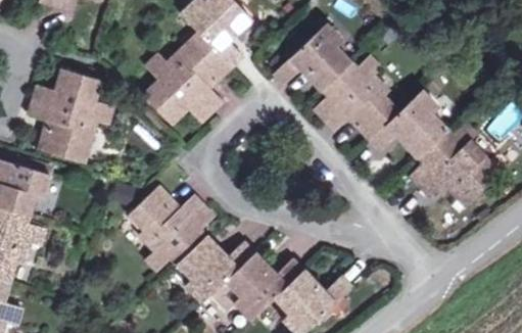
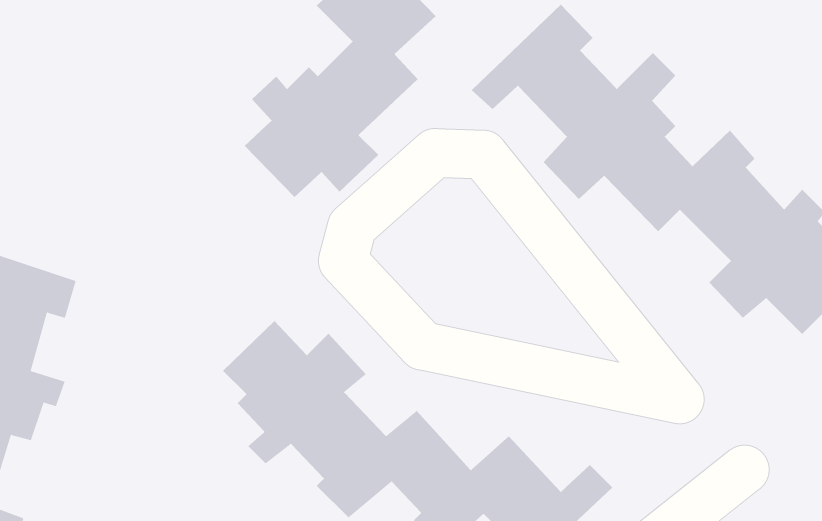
building: [29,69,108,158] -> none

